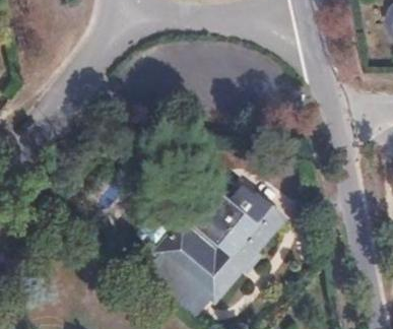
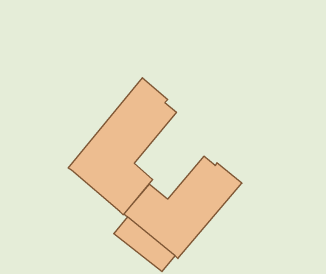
building: none -> [68,78,176,215]

